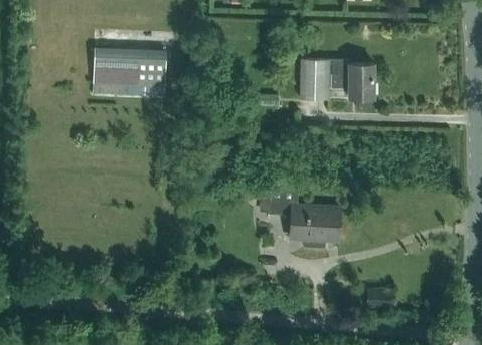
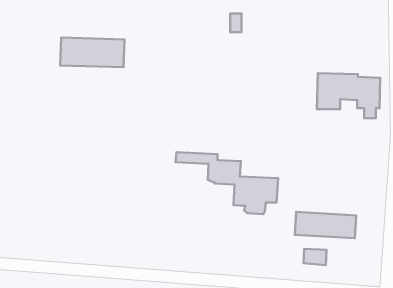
building: [303,58,374,108] -> [317,73,380,118]
building: none -> [295,212,356,238]

